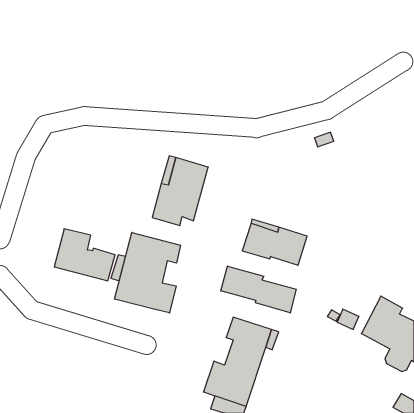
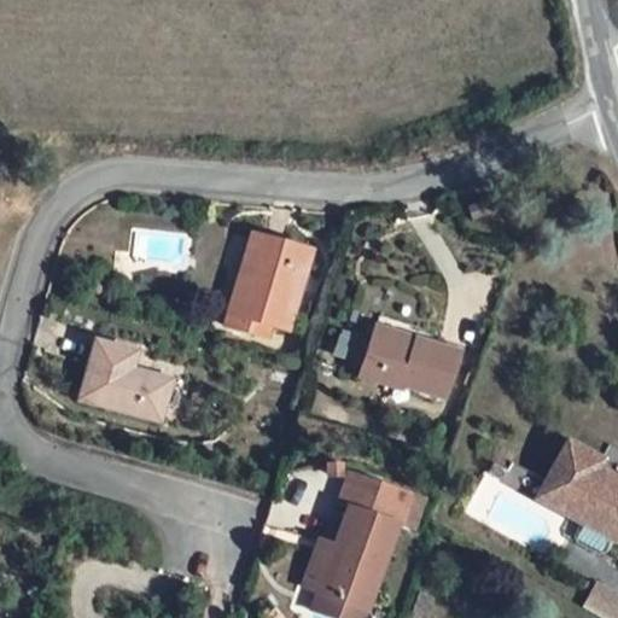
building: [115,232,180,313] -> none
building: [221,266,296,313] -> none

